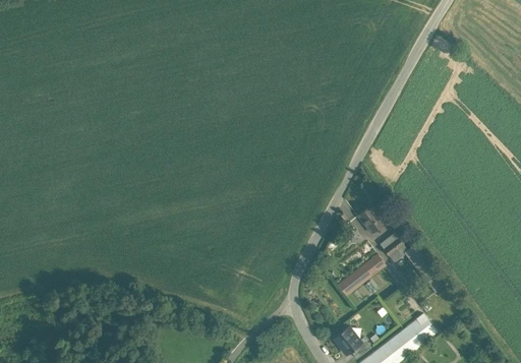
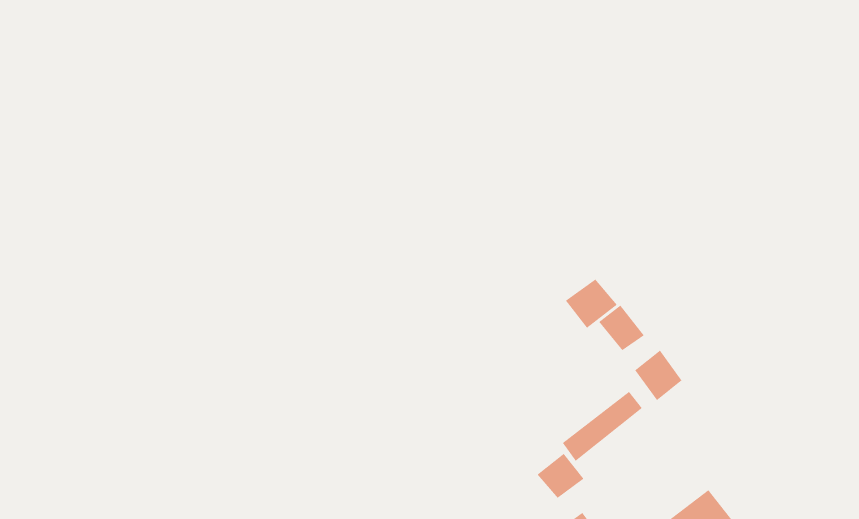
building: none -> [565,278,618,329]
building: none -> [536,453,585,499]

